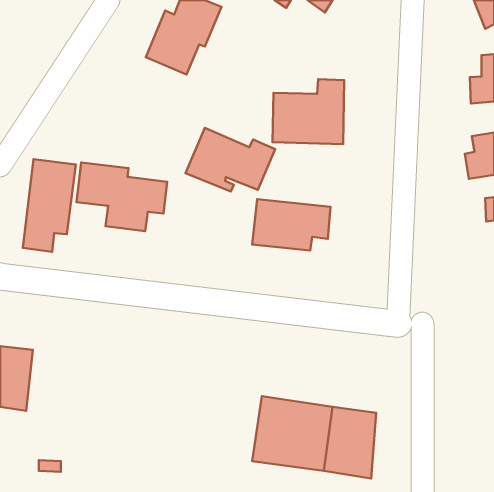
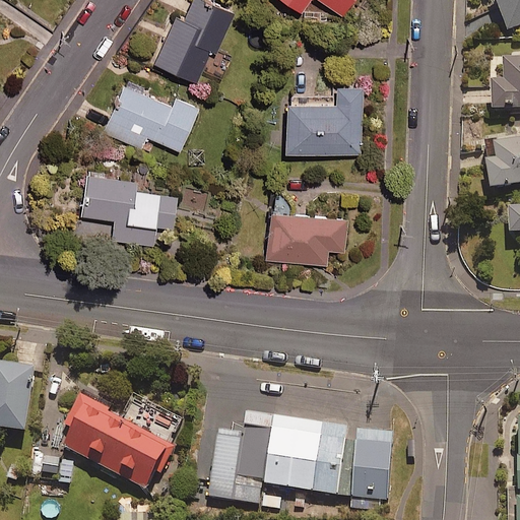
building: [185,128,275,192] -> [103,84,197,151]
building: [23,159,76,252] -> none
building: none -> [63,396,170,492]
building: none -> [196,414,275,507]

